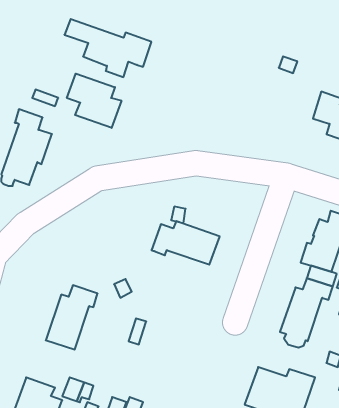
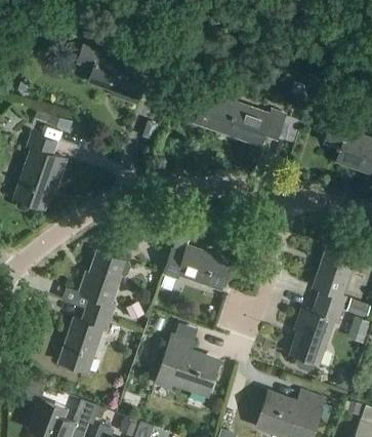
building: none -> [195,85,284,144]
building: [67,74,121,128] -> none
building: none -> [78,251,130,317]
building: none -> [154,334,217,396]

